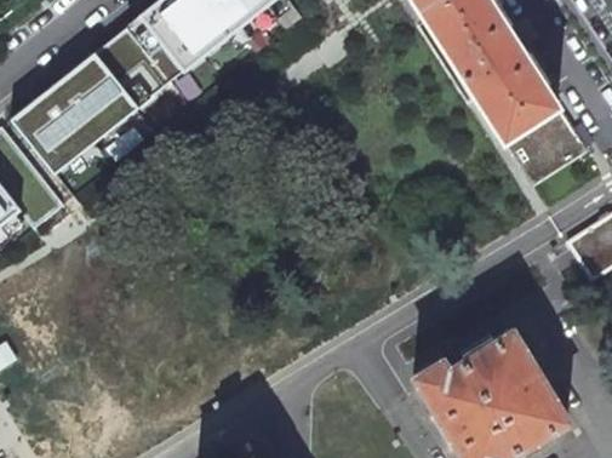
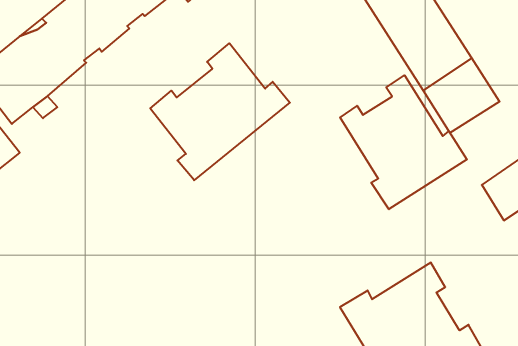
building: none -> [150,43,290,180]
building: none -> [340,75,467,209]

